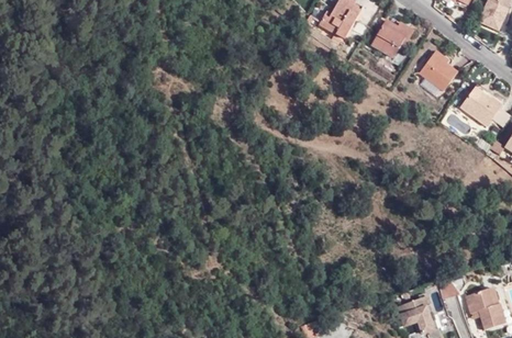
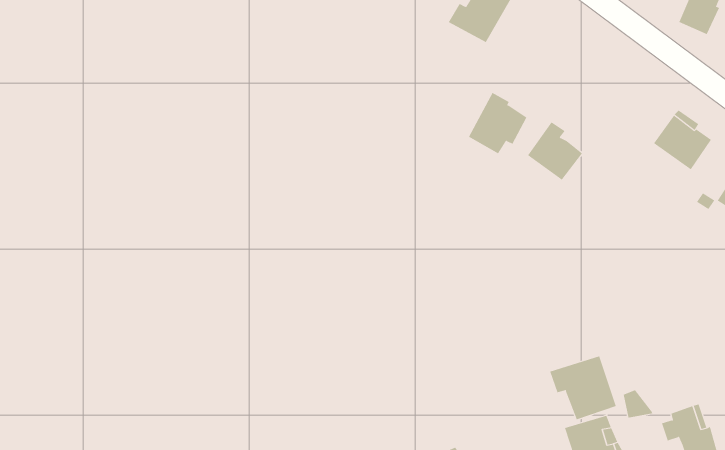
building: [372,14,413,57] -> [468,92,527,154]
building: [420,50,458,91] -> [527,122,583,180]
building: none -> [550,356,616,420]

